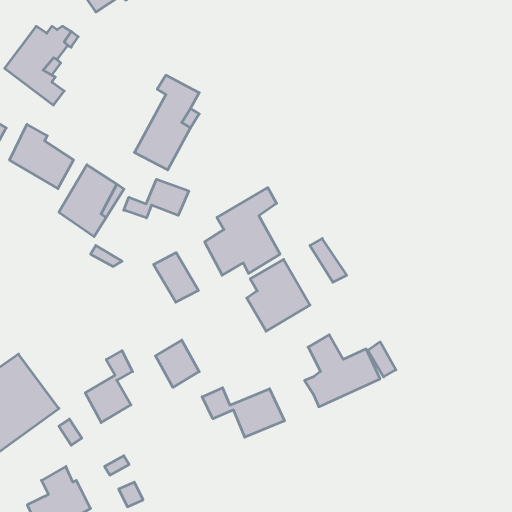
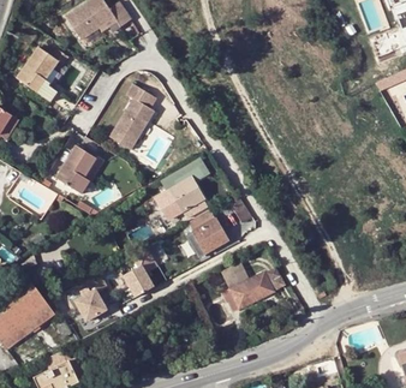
building: [10,124,73,189] -> none
building: [124,179,189,218] -> none
building: [154,253,198,302] -> none
building: [202,388,284,437] -> none

